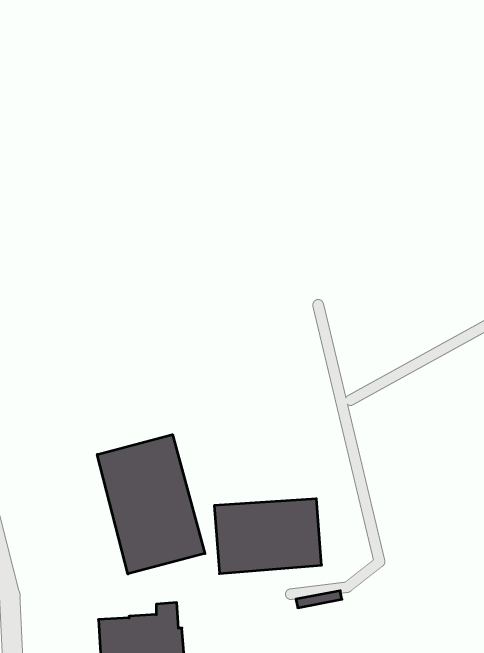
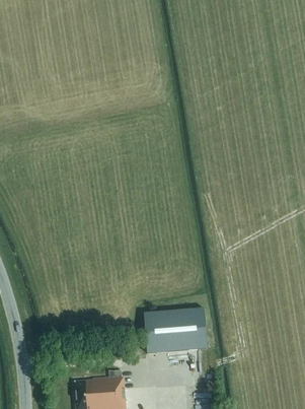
building: [97,435,205,574] -> none

